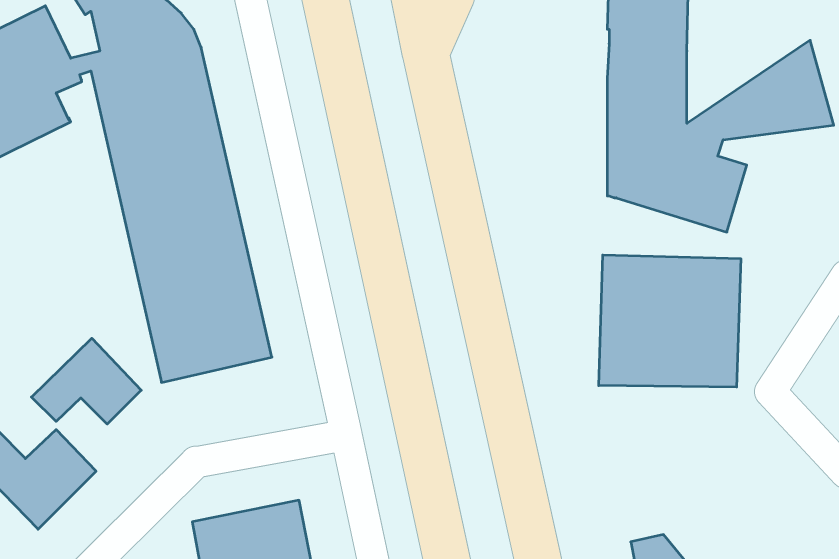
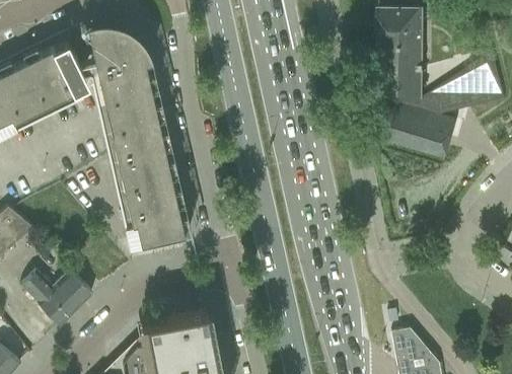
building: [599,255,741,387] -> none
building: [31,338,141,424] -> none

